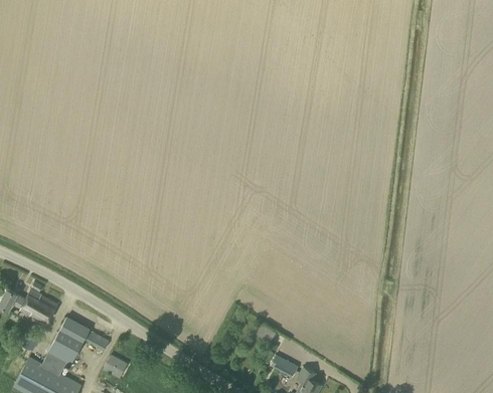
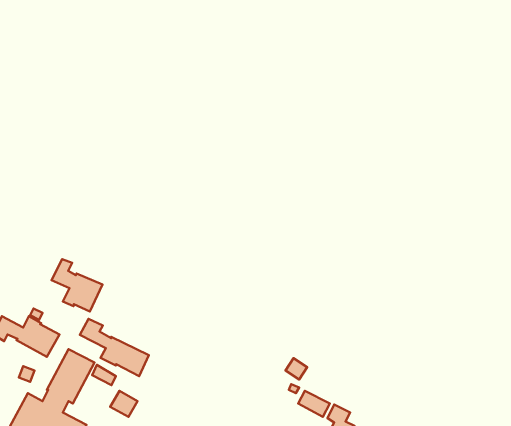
building: none -> [52,259,102,312]
building: none -> [80,319,149,376]

